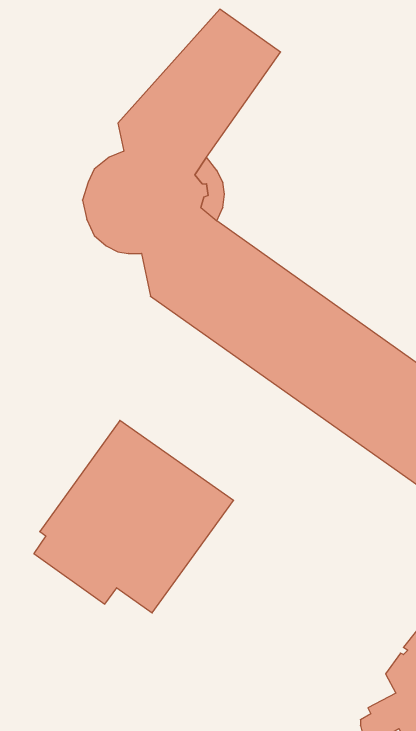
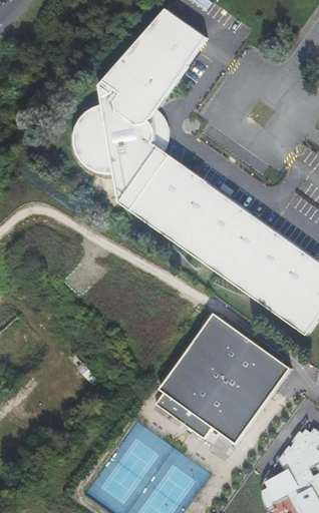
building: [34,420,234,613] -> [154,313,290,443]

